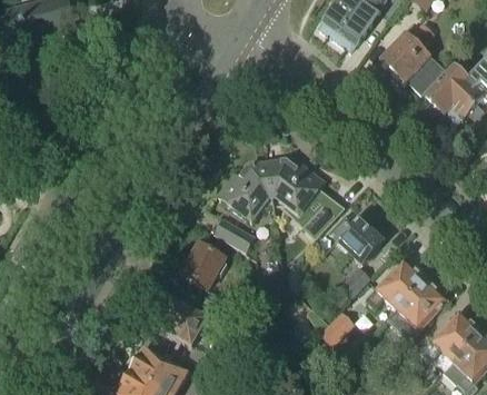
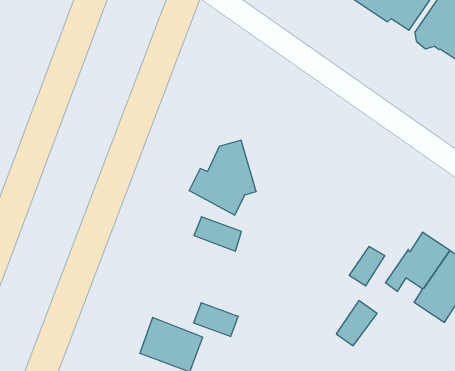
building: [266,157,335,236] -> none
building: [329,214,382,263] -> none
building: [181,243,225,288] -> none

